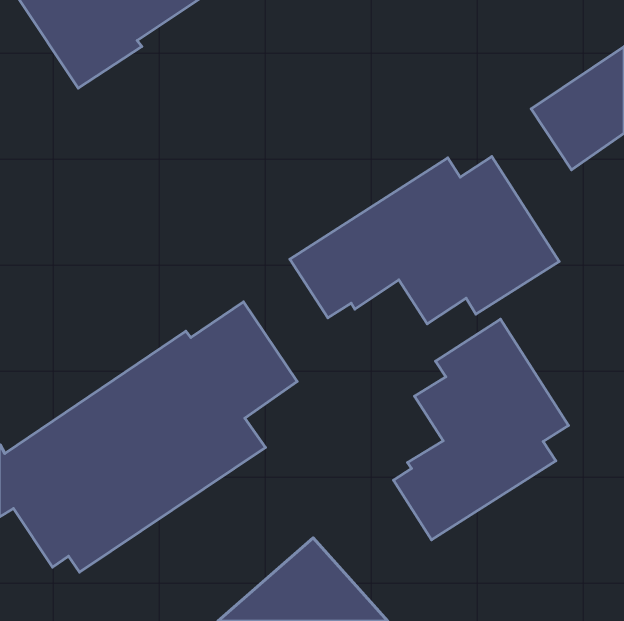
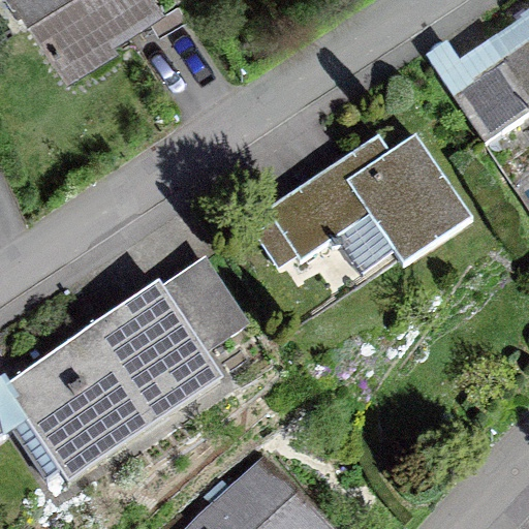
building: [393,319,569,540] -> none

